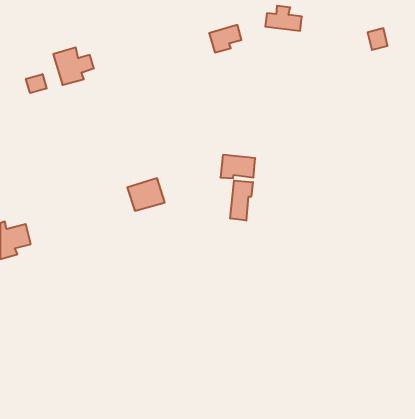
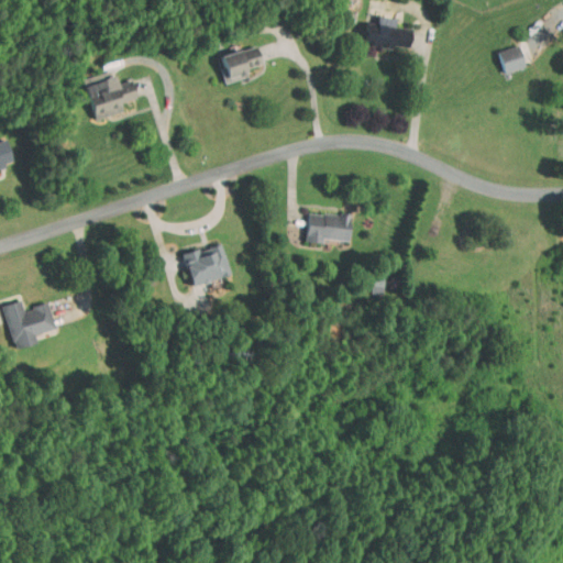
building: [209,25,241,52] -> [219,46,262,82]
building: [26,74,47,93] -> none
building: [230,180,253,221] -> none

